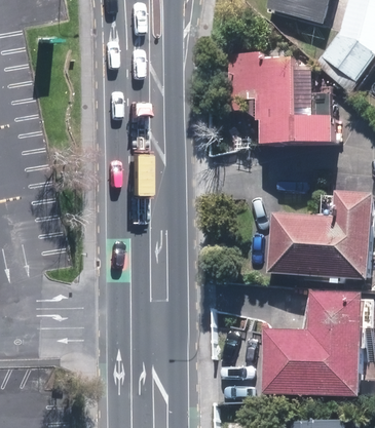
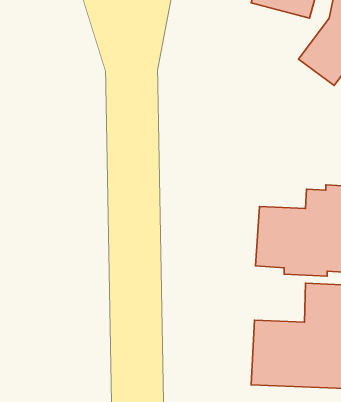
building: [226,52,342,144] -> none

